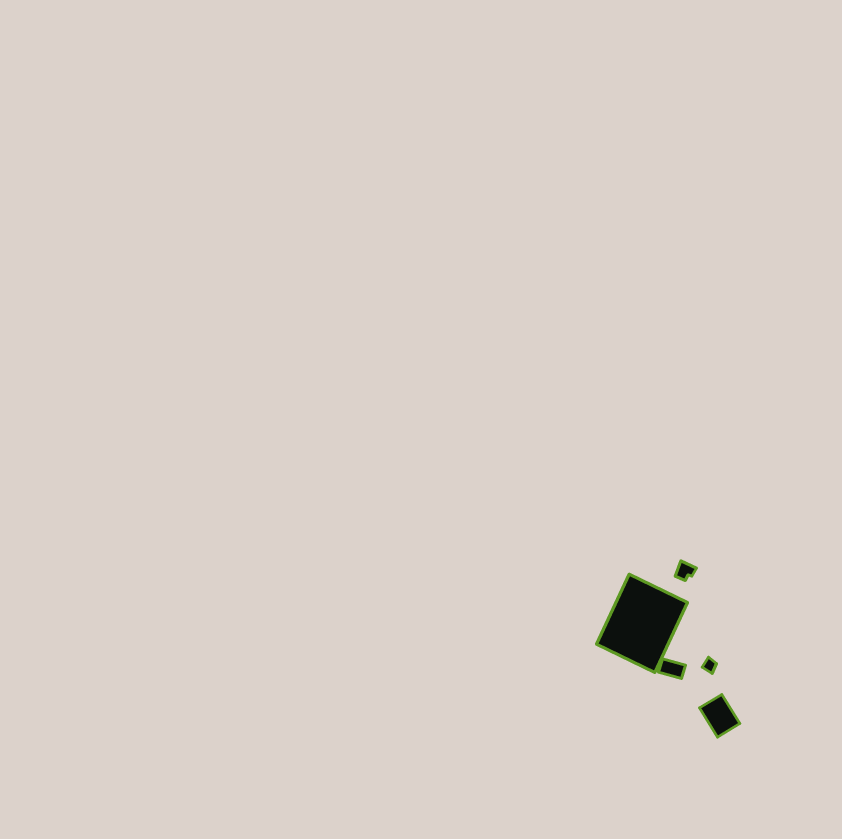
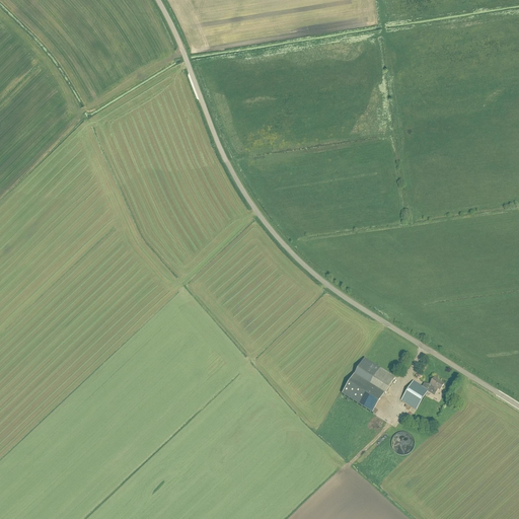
building: none -> [399,376,442,407]

